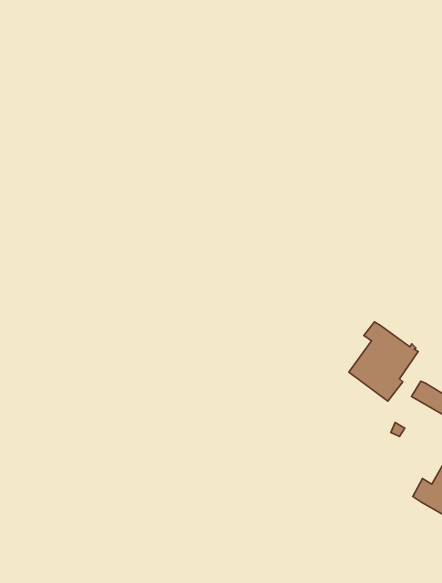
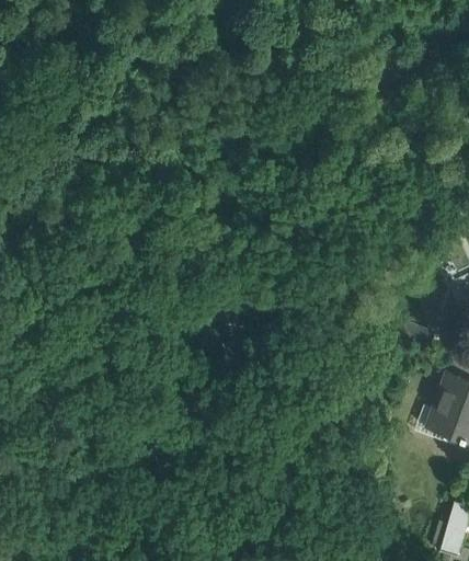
building: [349,322,418,401] -> none

